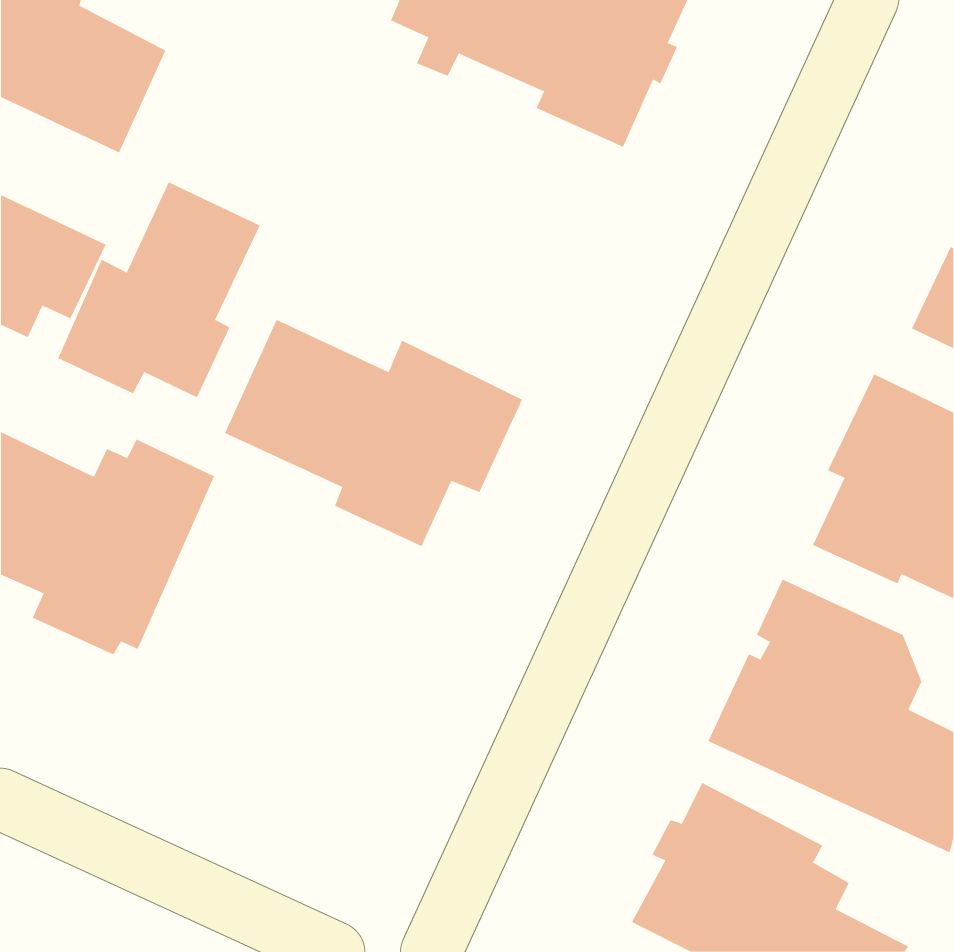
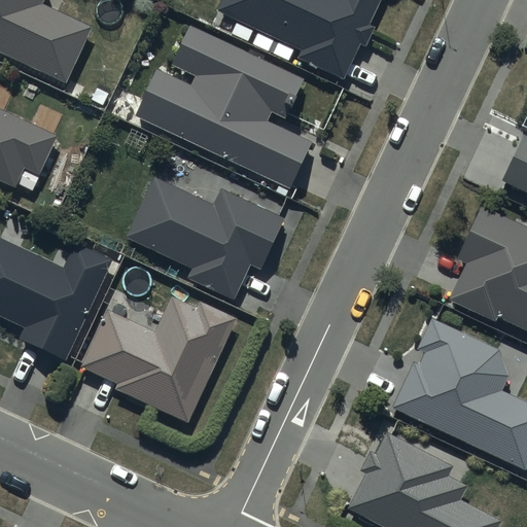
building: none -> [127,24,314,190]
building: [58,182,260,398] -> none
building: none -> [80,296,236,424]

